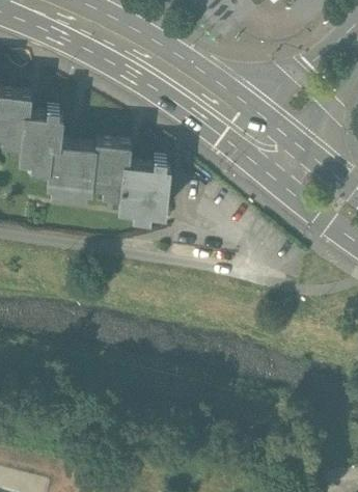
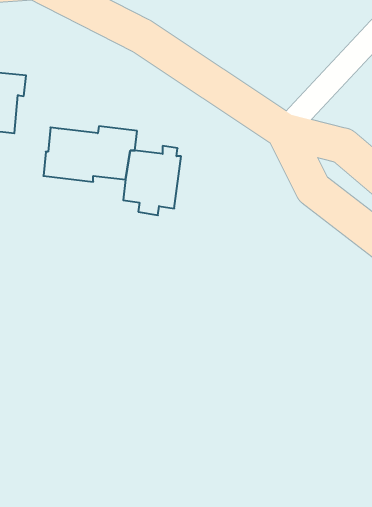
building: [19,109,62,164] -> none

